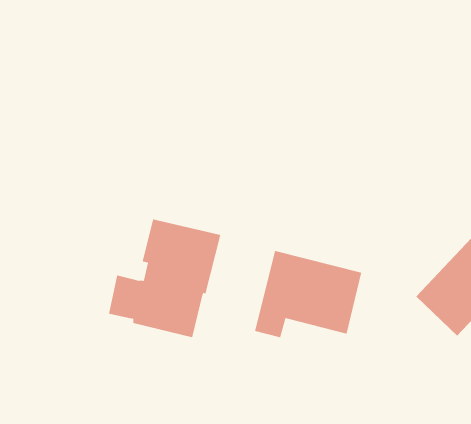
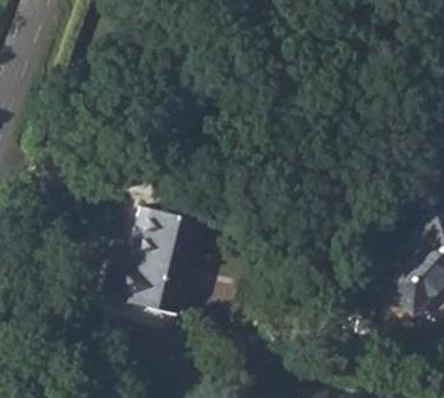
building: [254,250,362,338] -> none

